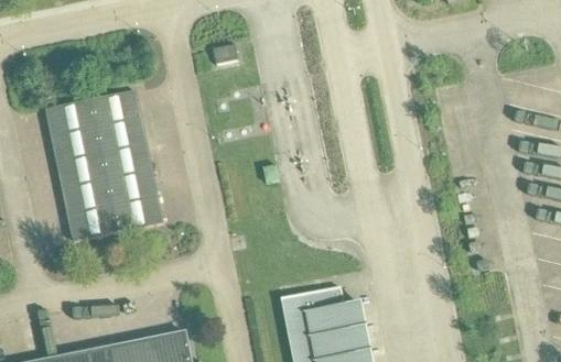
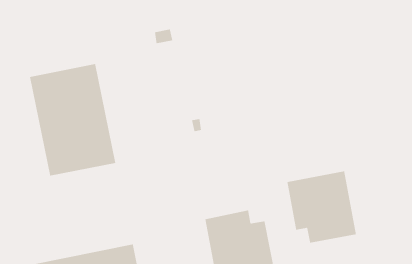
building: none -> [287,171,356,244]

